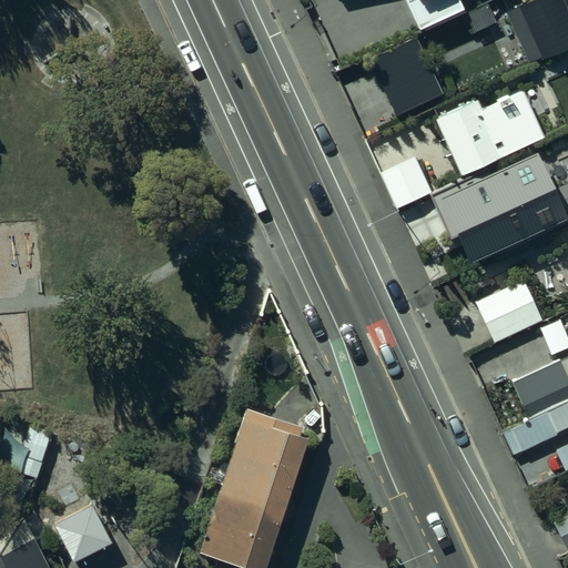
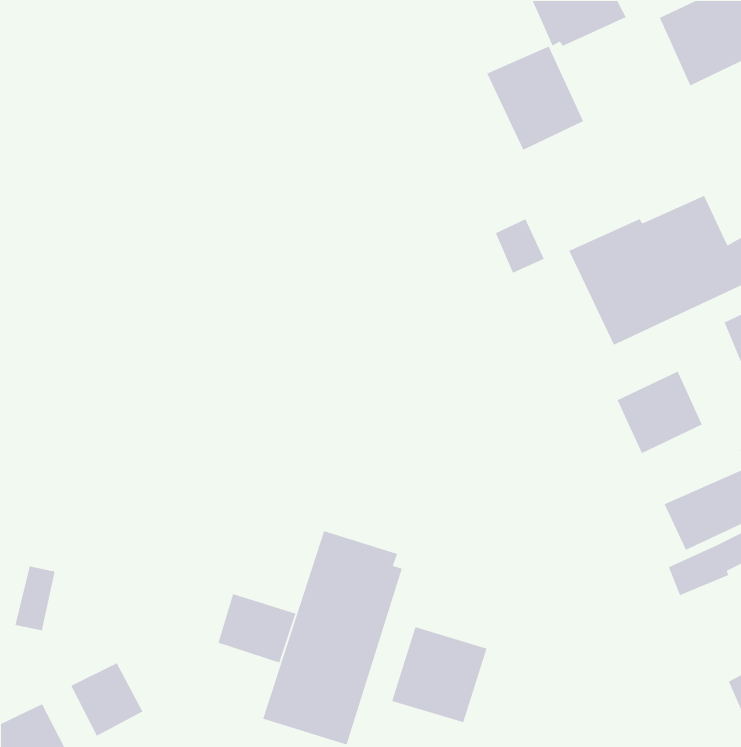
building: [423,93,537,180] -> none
building: none -> [217,593,297,664]
building: none -> [391,626,488,723]

